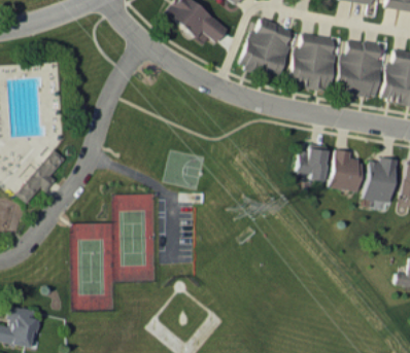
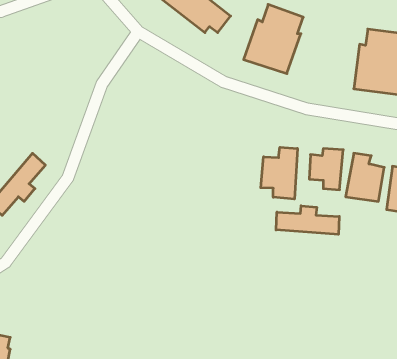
building: [291,33,337,91] -> none
building: none -> [261,147,297,199]
building: none -> [276,206,339,234]

